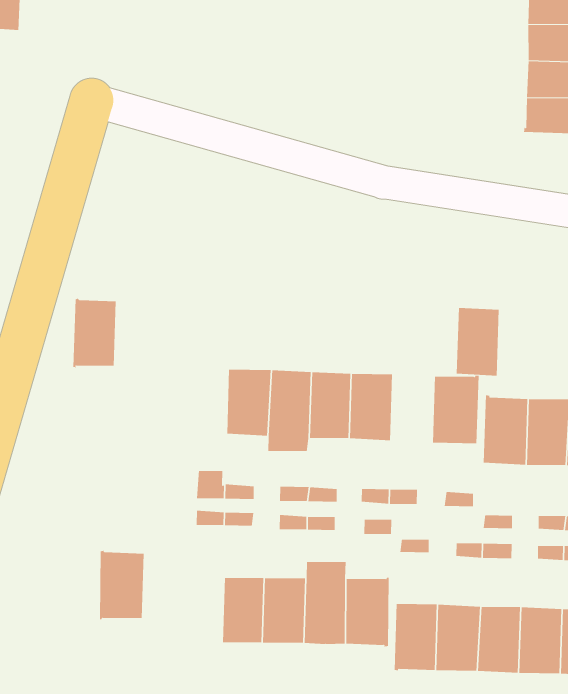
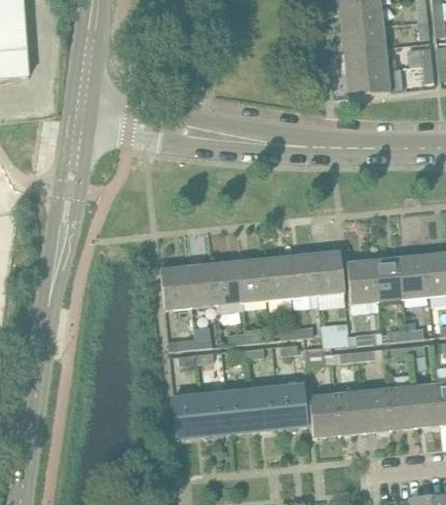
building: [73,298,116,368] -> [159,266,189,310]
building: [456,307,500,376] -> [287,254,317,297]
building: [99,550,144,620] -> [172,394,203,438]

